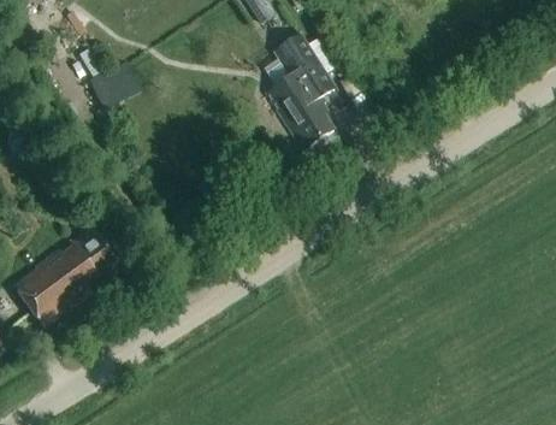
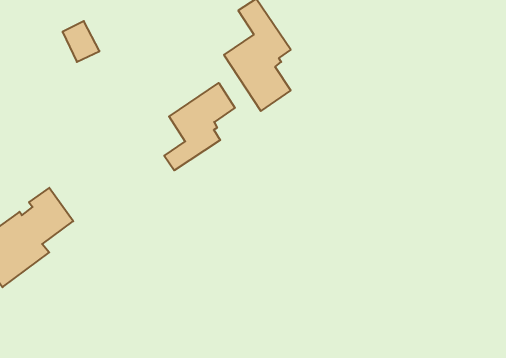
building: none -> [164,83,235,170]

